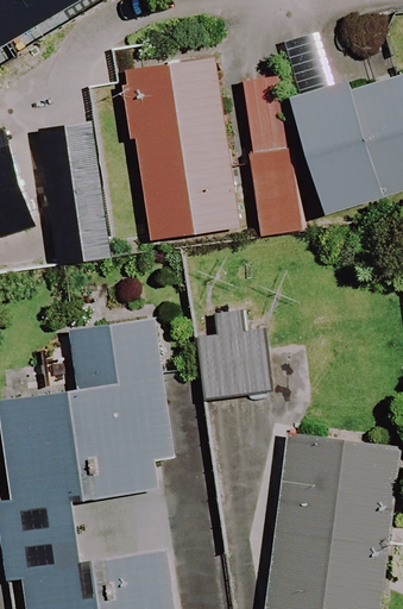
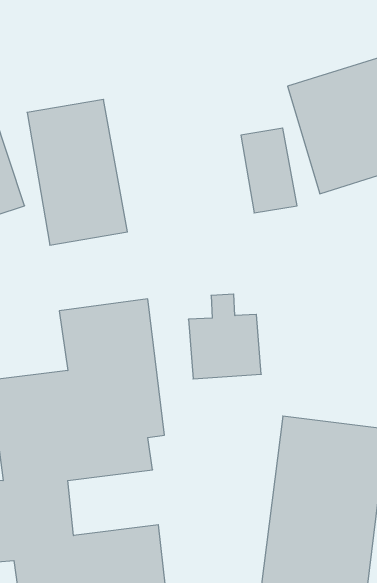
building: [120,59,241,244] -> none

